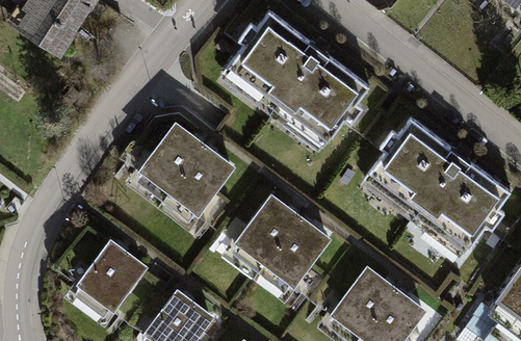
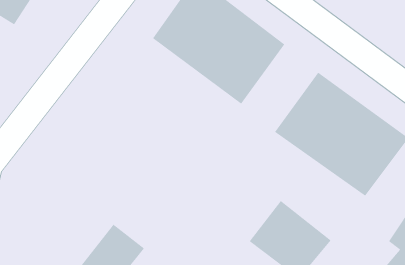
building: [135,124,230,216] -> none
building: [235,196,330,288] -> none
building: [69,240,144,317] -> none

